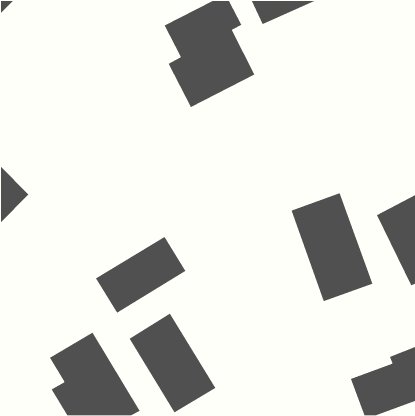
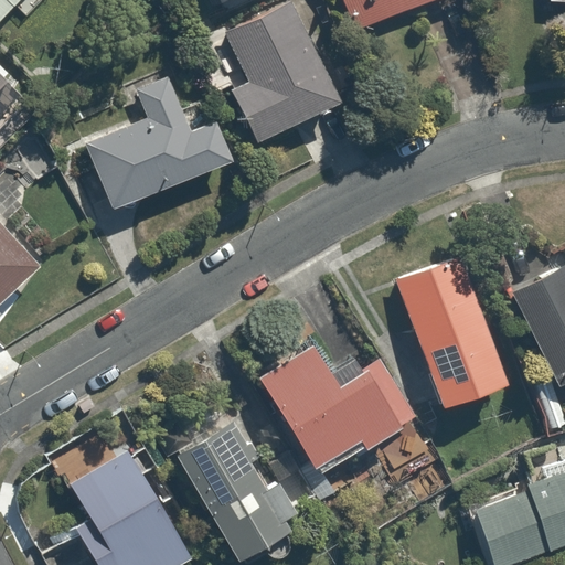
building: none -> [85,68,234,210]
building: [95,236,186,314] -> none
building: none -> [255,341,416,477]

